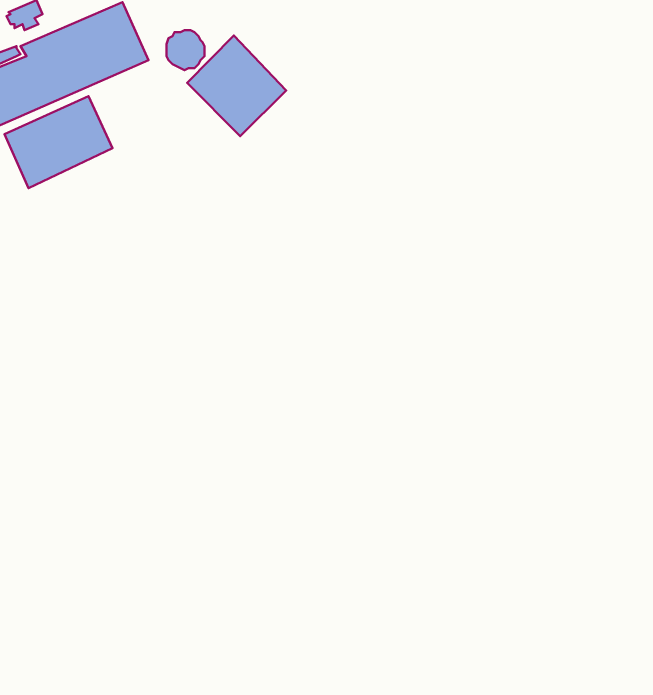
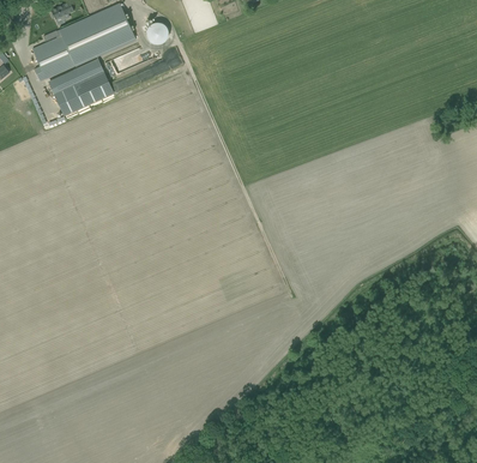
building: [187,35,286,136] -> none

